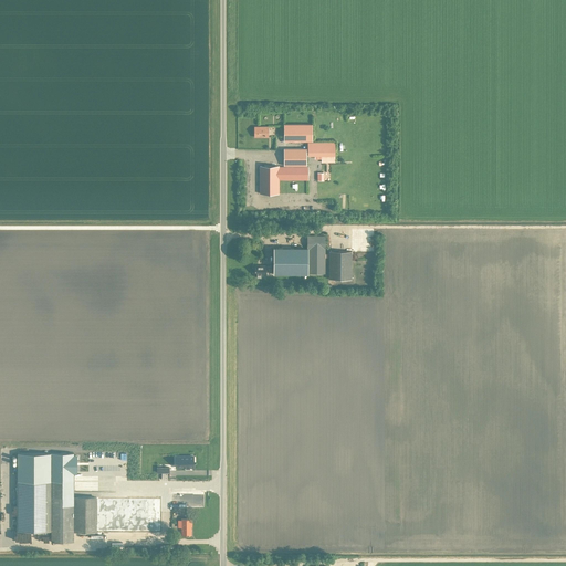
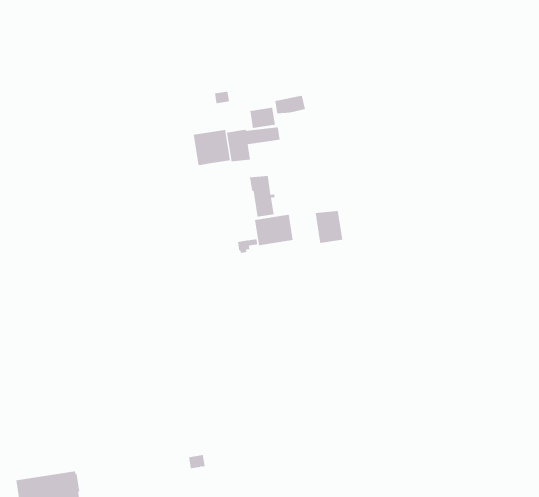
building: [283,124,312,142] -> none
building: none -> [193,129,231,166]
building: [306,235,327,273] -> [249,176,275,217]

